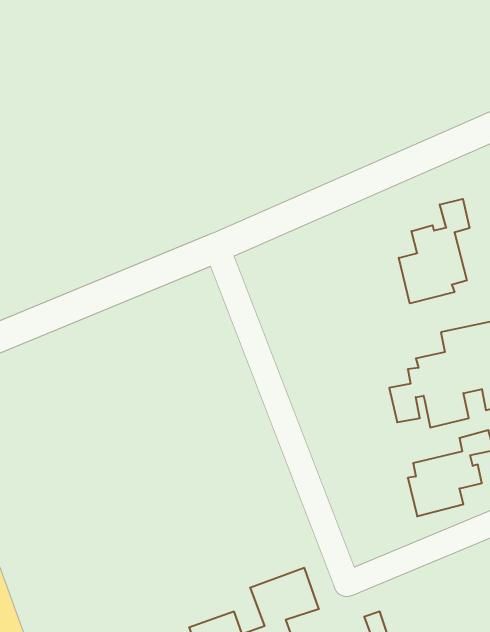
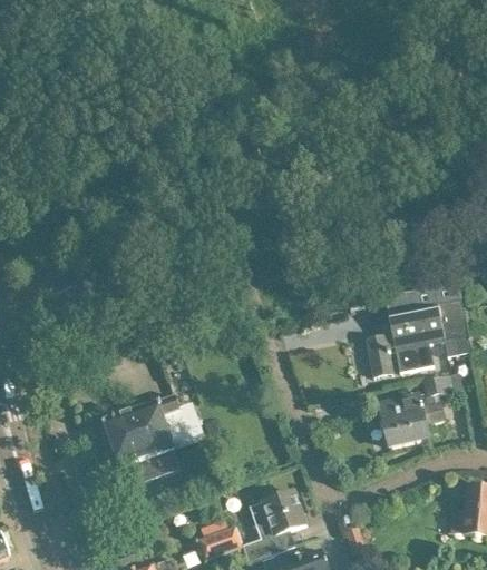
building: [399,199,469,303] -> none
building: none -> [104,394,205,482]

